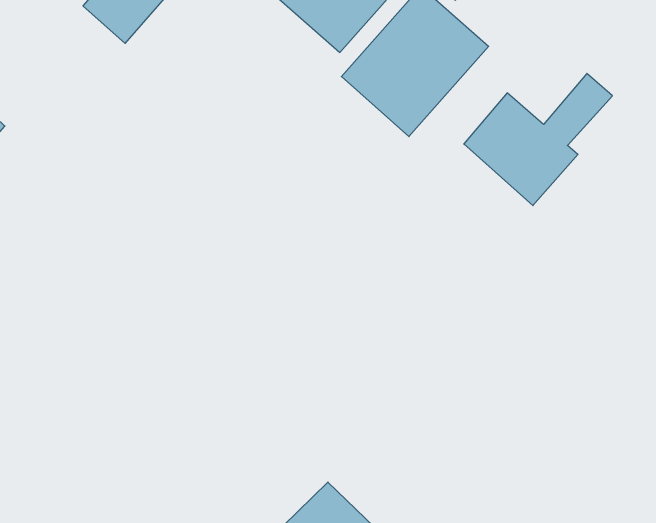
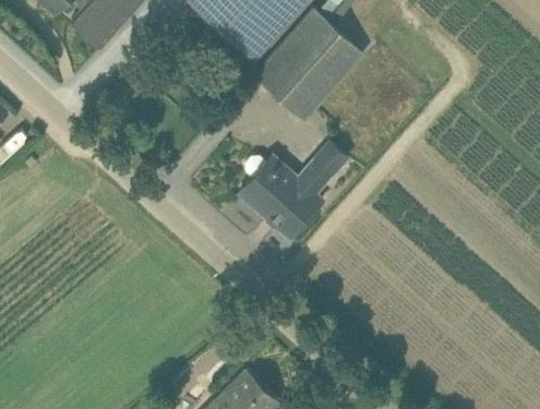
building: [464,73,612,206] -> [239,143,347,239]

